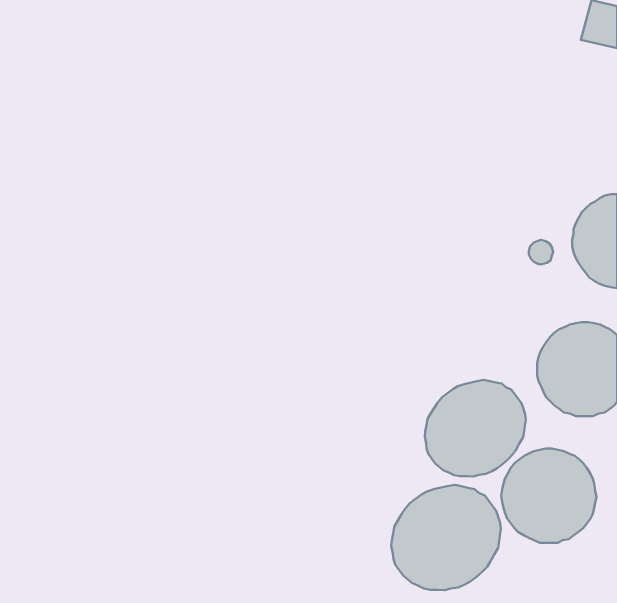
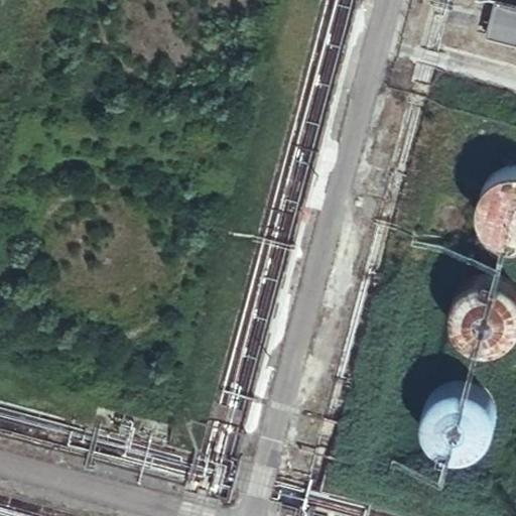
building: [425,380,526,476] -> none
building: [391,485,501,590] -> none

